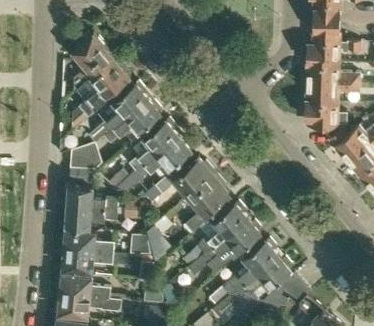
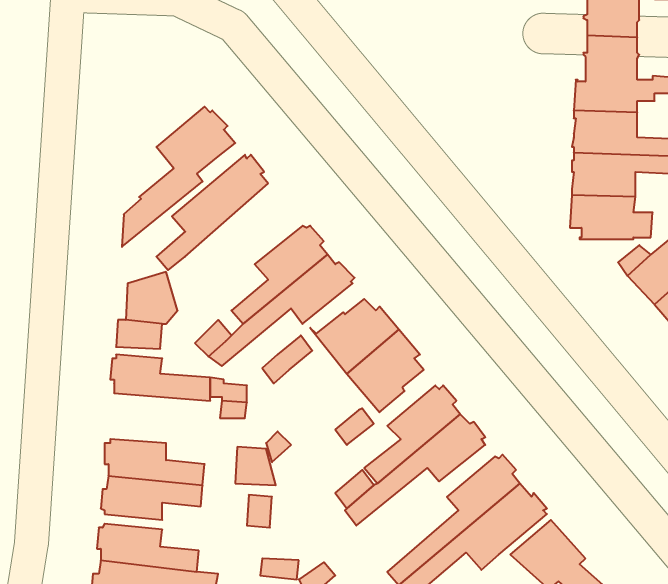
building: [74,32,115,92] -> none
building: [105,97,162,142] -> none
building: [64,206,118,228] -> none

